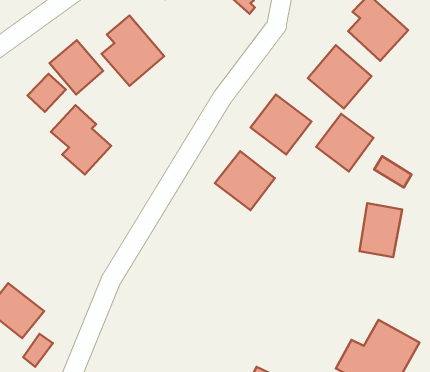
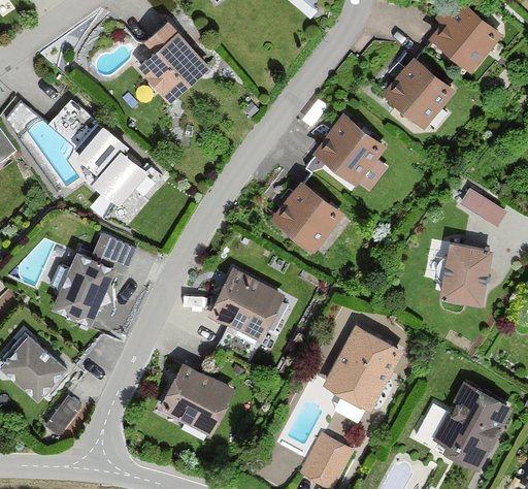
building: [50,40,103,95] -> none
building: [316,114,373,172] -> none
building: none -> [54,237,133,328]
building: none -> [208,268,284,343]
building: none -> [323,325,402,411]
building: none -> [157,363,233,437]

